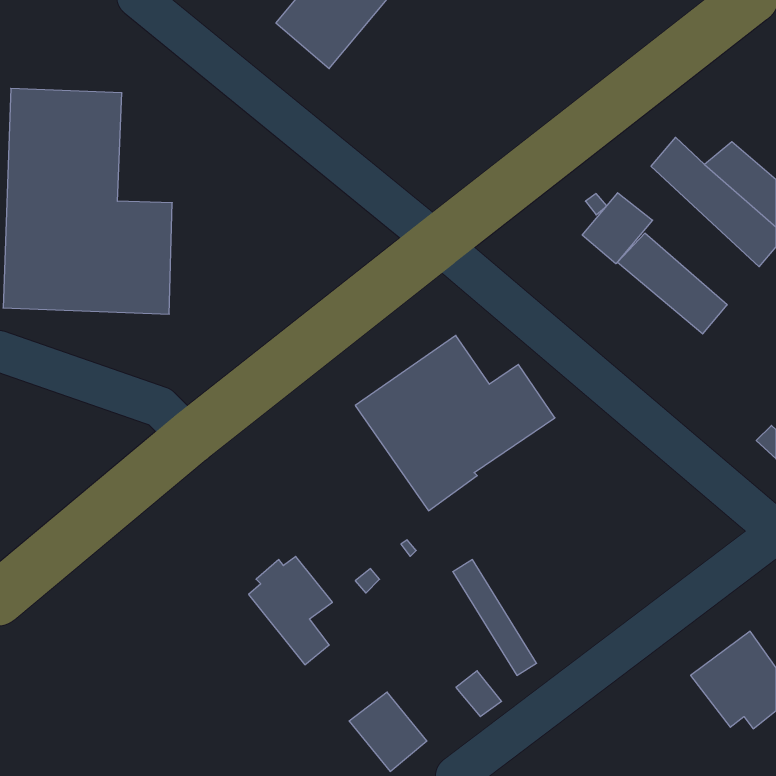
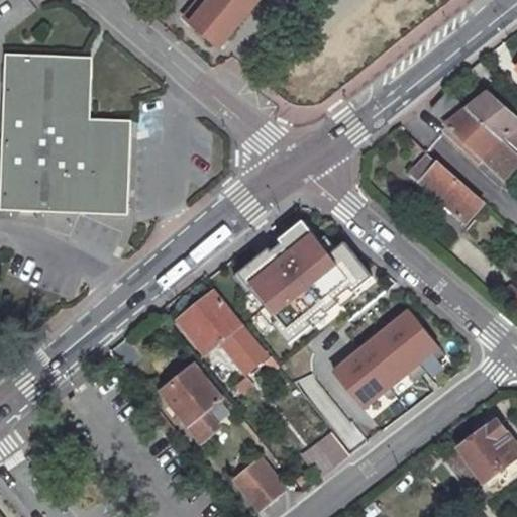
building: none -> [78,62,130,209]
building: [582,193,653,264] -> none
building: none -> [184,294,265,371]
building: none -> [327,308,439,413]

